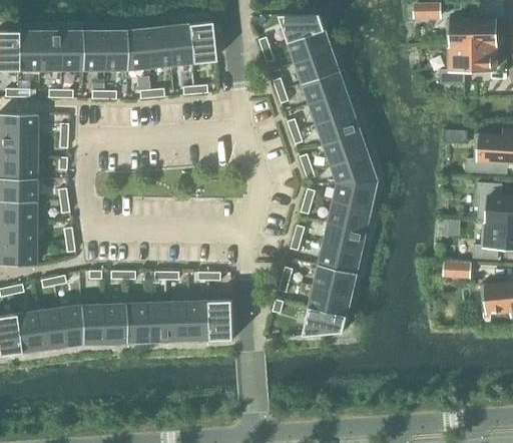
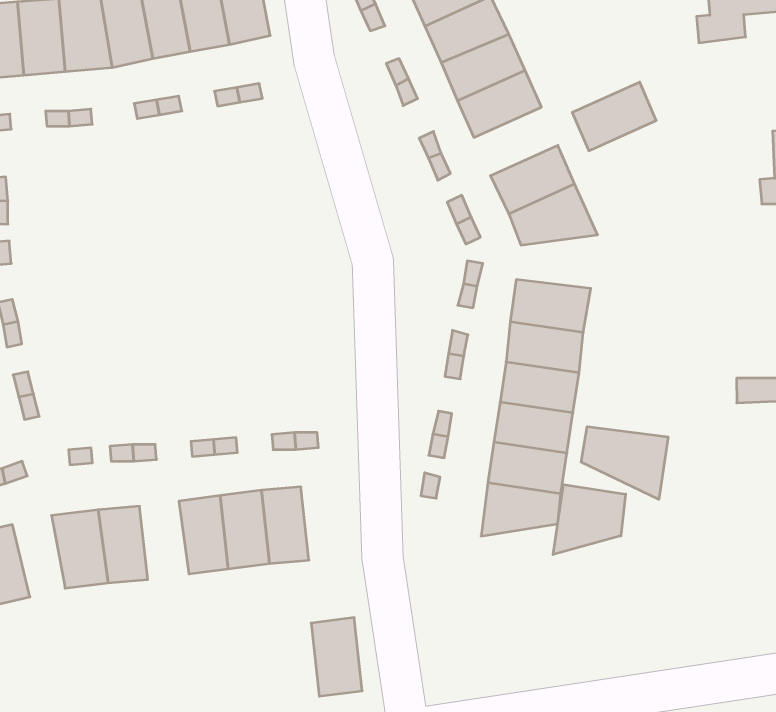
building: [317,110,361,144] -> [572,82,656,151]
building: [333,180,378,208] -> none
building: none -> [581,427,668,499]
building: [209,300,233,340] -> [311,618,362,696]
building: [123,303,146,343] -> none
building: [55,305,80,347] -> none
building: none -> [553,485,626,555]

